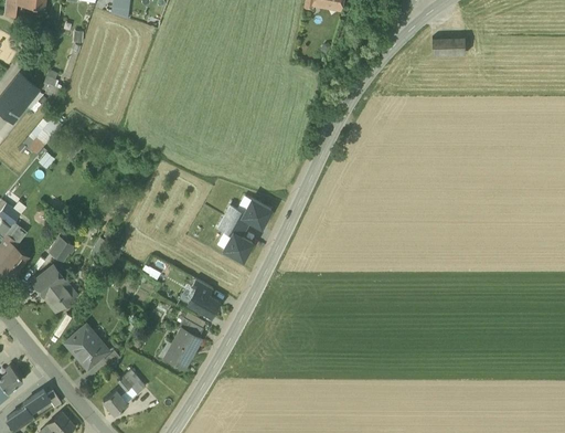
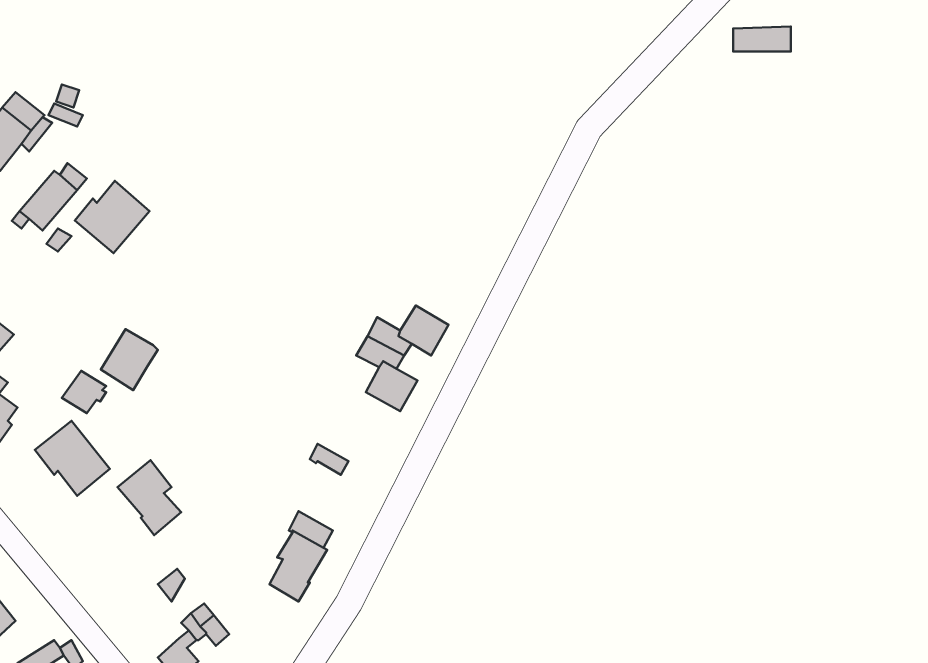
building: none -> [75,181,150,253]
building: none -> [101,329,158,390]
building: [186,288,217,316] -> none
building: [65,326,102,369] -> [118,460,181,535]

